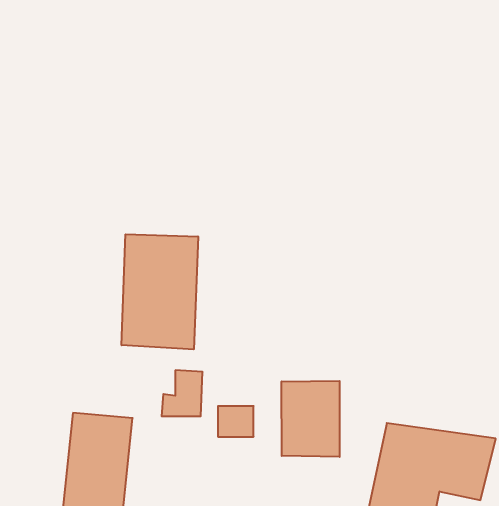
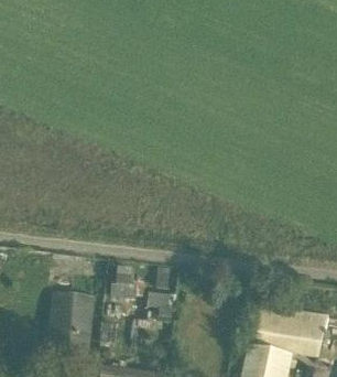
building: [122,234,198,349] -> none
building: [282,381,340,457] -> none

